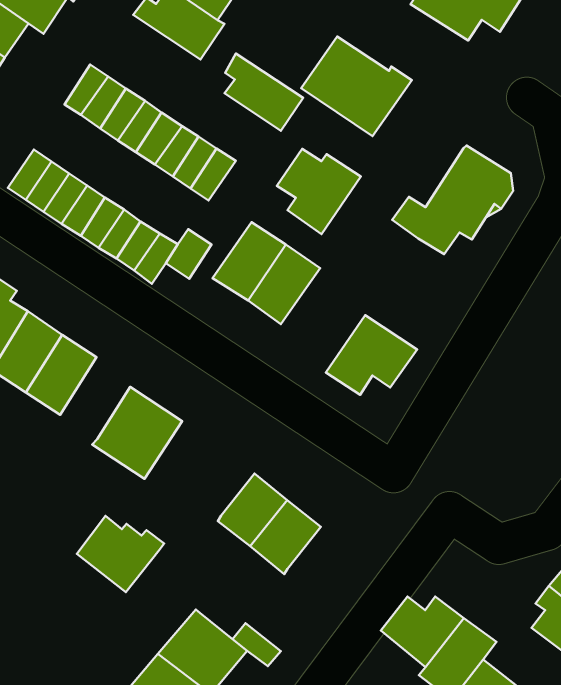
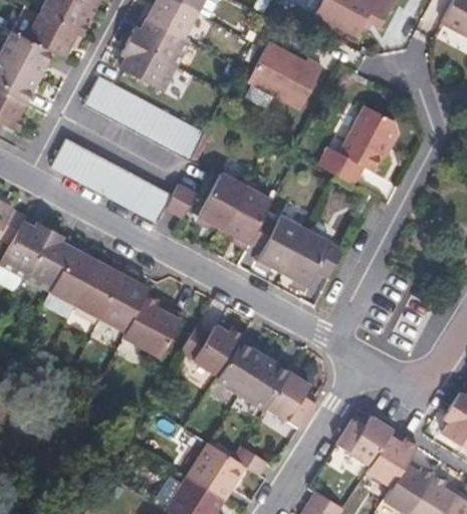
building: [225,53,303,131] -> [120,39,175,89]
building: [277,149,361,234] -> [248,215,305,272]
building: none -> [102,277,151,333]
building: [77,516,164,592] -> [184,326,243,377]
building: none -> [269,378,316,430]

